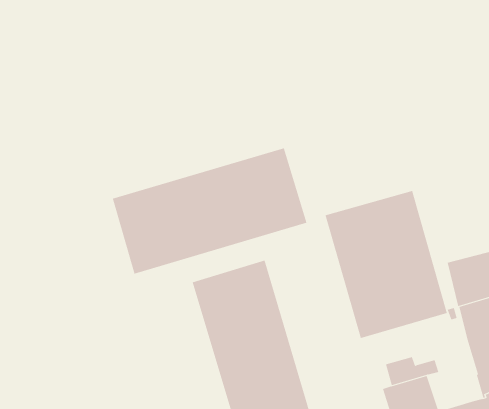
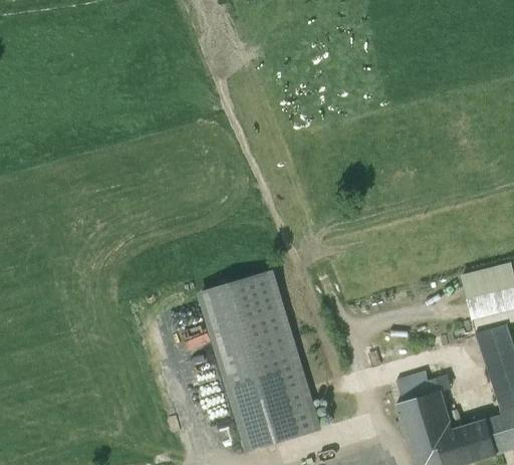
building: [112,147,307,275] -> none
building: [325,190,448,339] -> none

